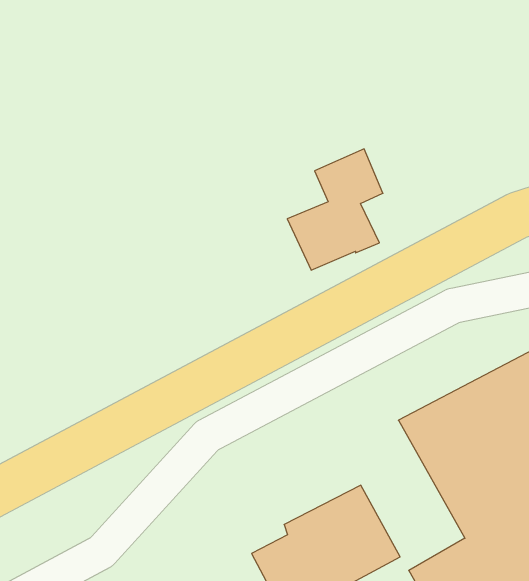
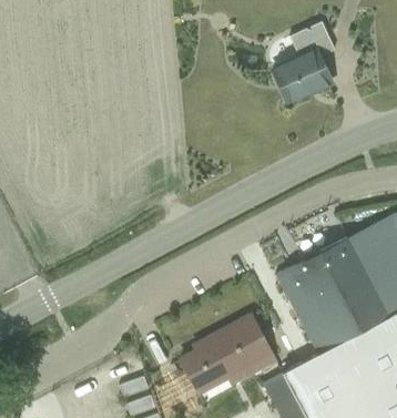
building: [287,149,383,270] -> [272,23,334,102]

